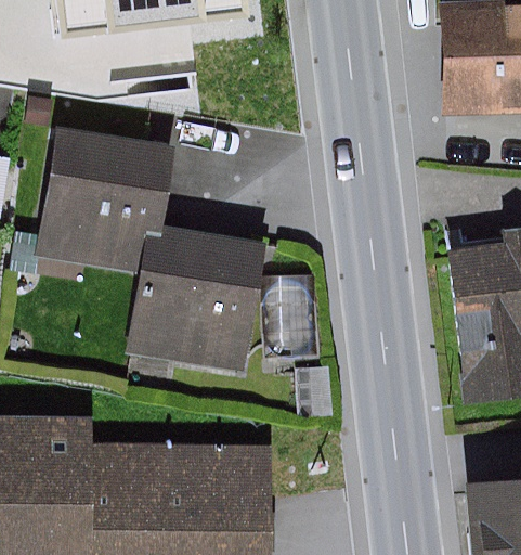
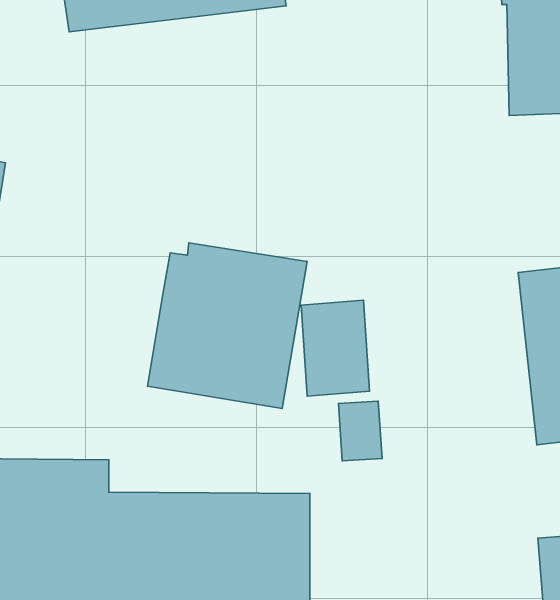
building: [13,127,179,280] -> none

